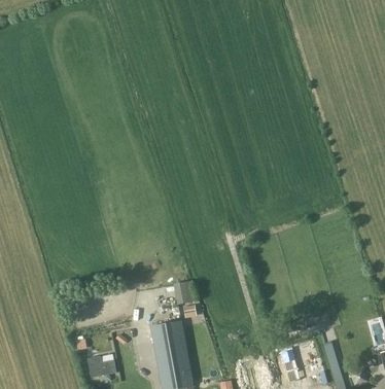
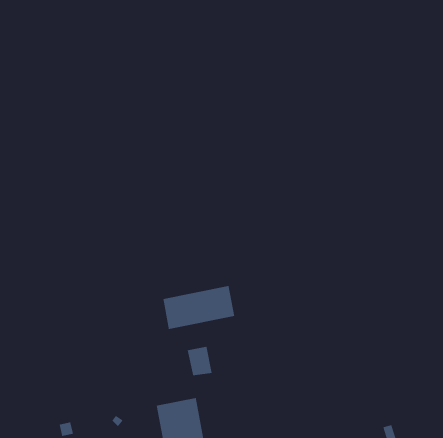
building: none -> [163,285,235,330]

